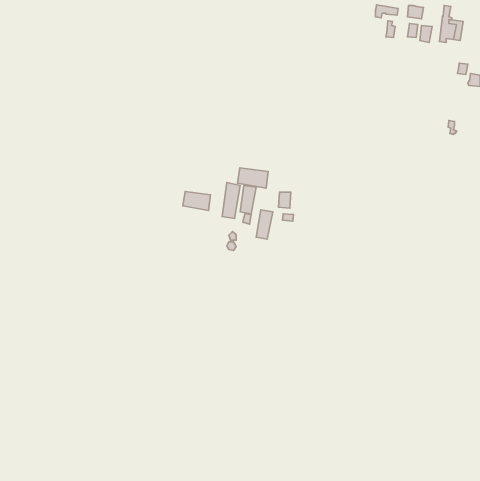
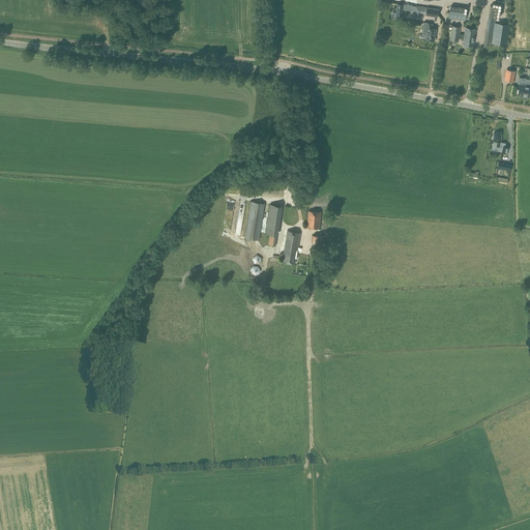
building: [238,168,268,188] -> none
building: [183,192,210,210] -> none

